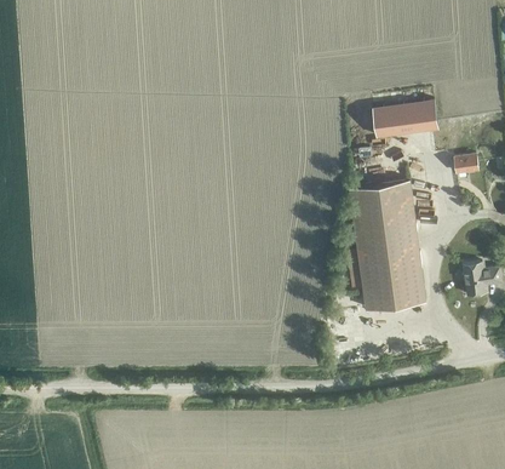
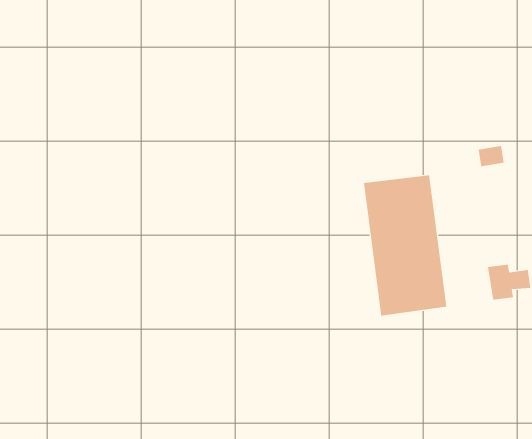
building: [373,101,438,138] -> none

